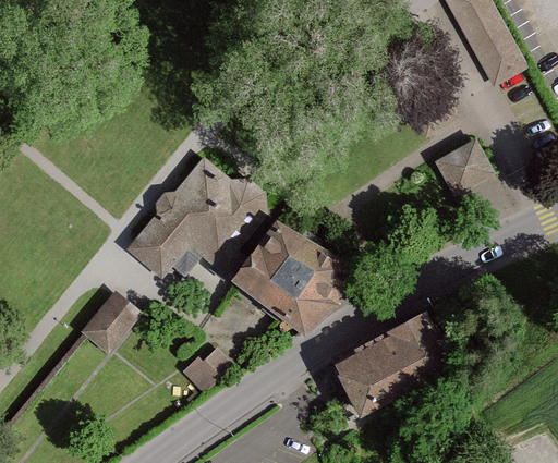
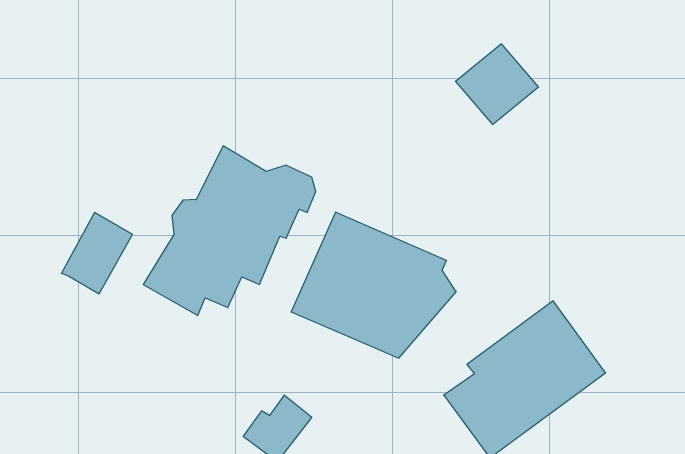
building: [437,139,497,197] -> [456,44,539,124]
building: [84,288,141,348] -> [61,213,132,294]

